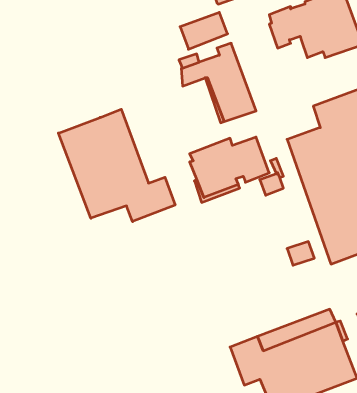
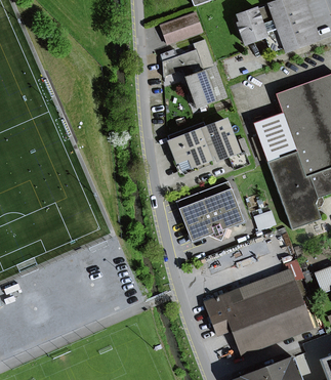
building: [58,109,175,222] -> none
building: none -> [175,180,244,242]

